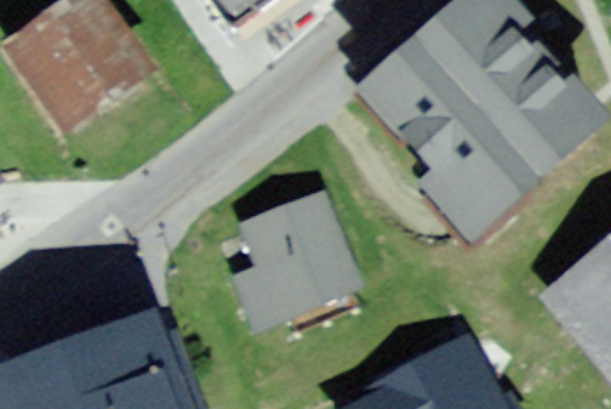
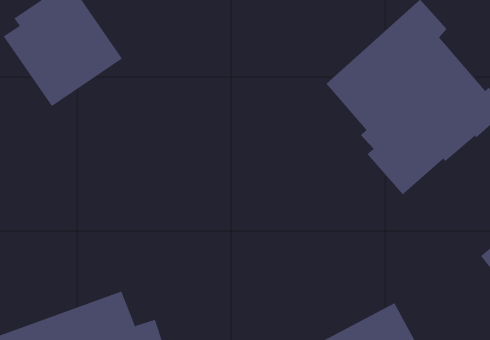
building: [232,195,346,328] -> none

